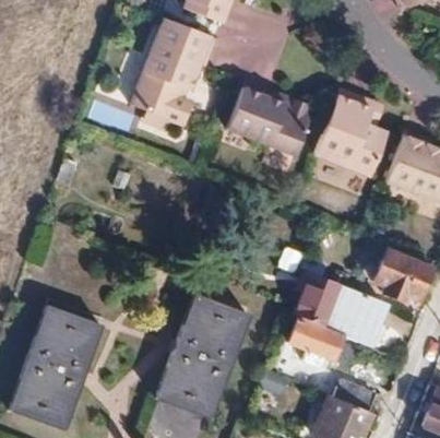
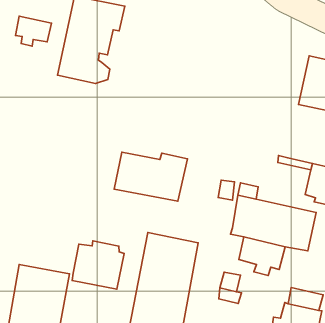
building: none -> [15,16,51,46]
building: [227,88,313,153] -> [114,152,187,201]
building: [314,95,387,174] -> none
building: none -> [72,241,124,289]

